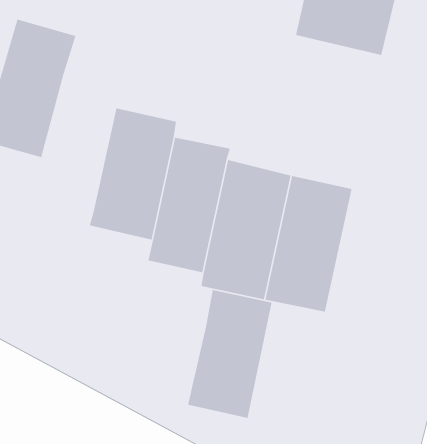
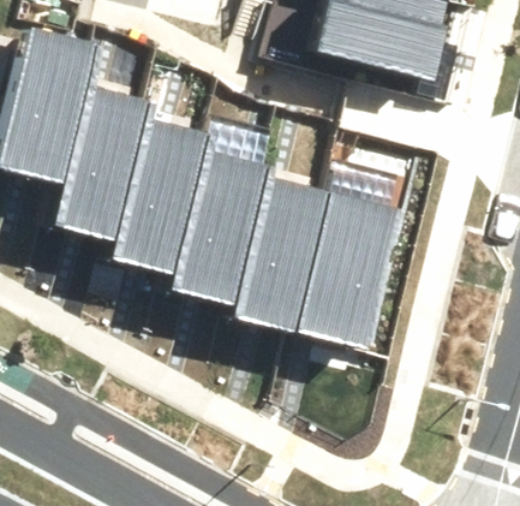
building: none -> [55,89,149,232]
building: [187,289,272,419] -> none

